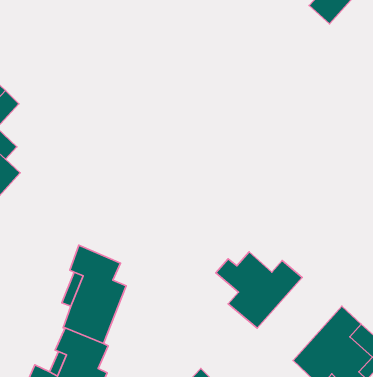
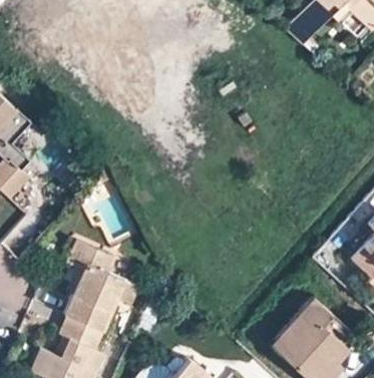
building: [216,252,302,328] -> none

